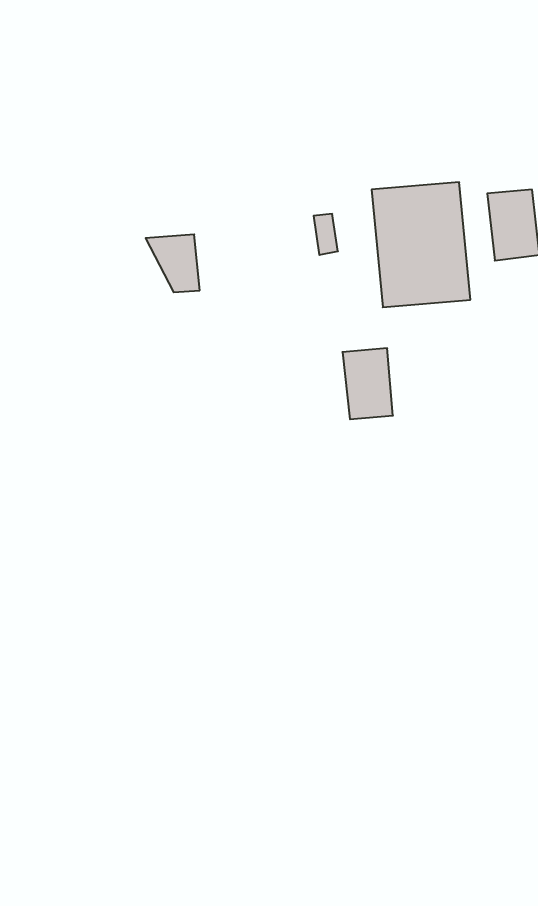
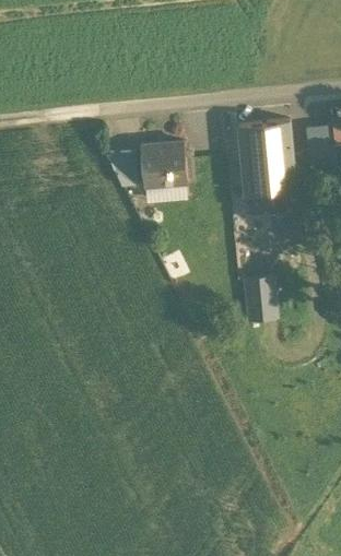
building: none -> [141,142,189,185]
building: [342,348,393,419] -> [247,279,277,320]

